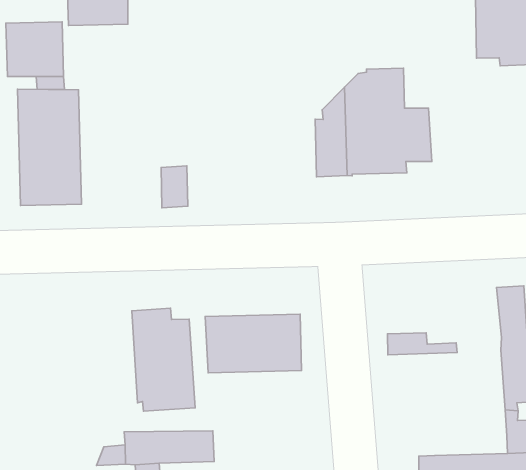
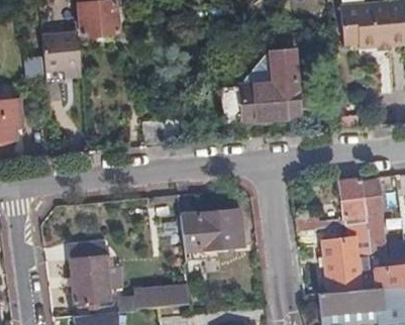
building: [18,89,81,206] -> none
building: none -> [340,179,367,218]
building: [132,308,195,411] -> [71,244,114,310]
building: none -> [324,224,375,293]

